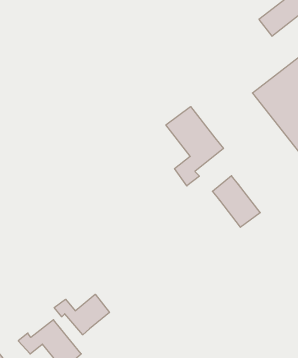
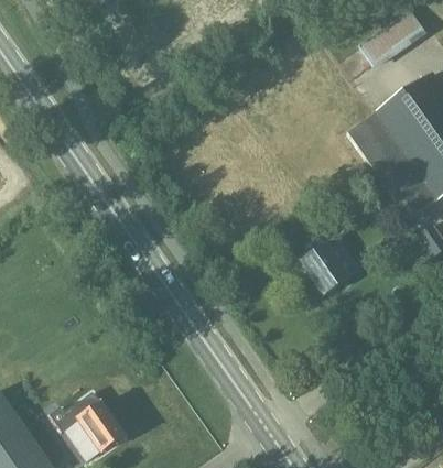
building: [166,107,223,186] -> none
building: [54,294,109,335] -> none

